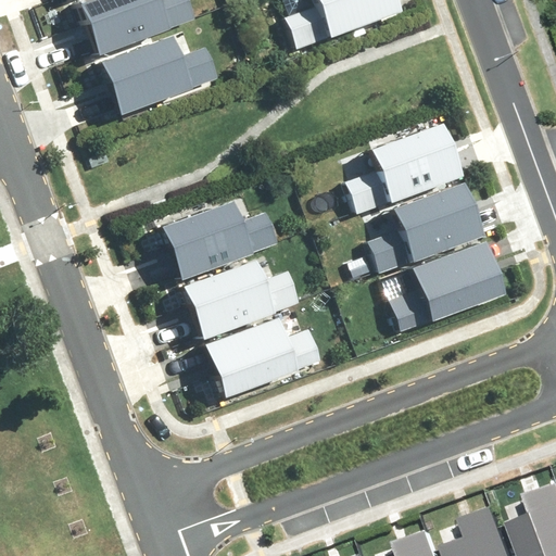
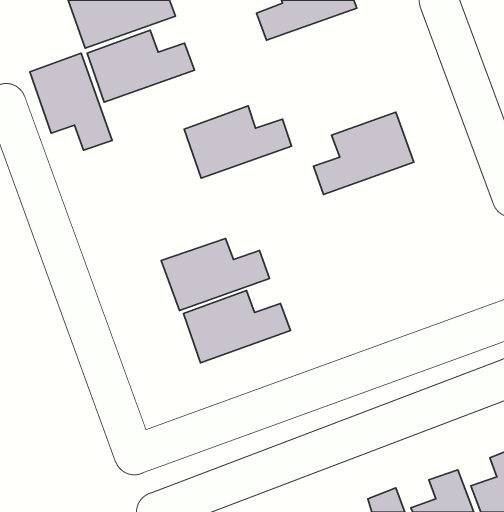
building: none -> [30,53,112,150]
building: [375,181,482,269] -> none
building: [164,200,280,278] -> [184,106,291,178]
building: [397,241,506,329] -> none

